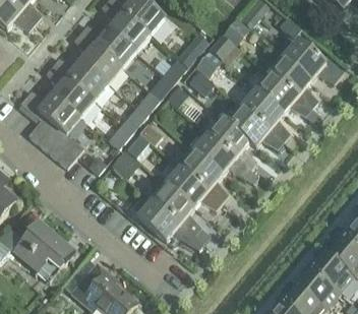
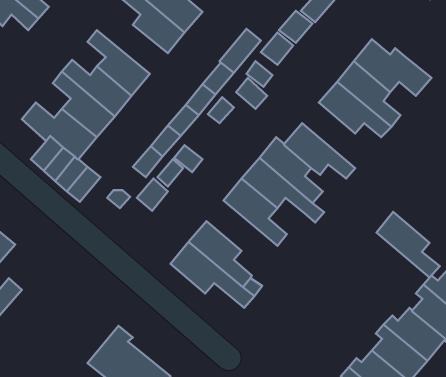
building: [80,23,136,67] -> none
building: [242,89,292,141] -> [376,212,440,278]
building: [167,167,223,210] -> none
building: [16,221,76,284] -> none

